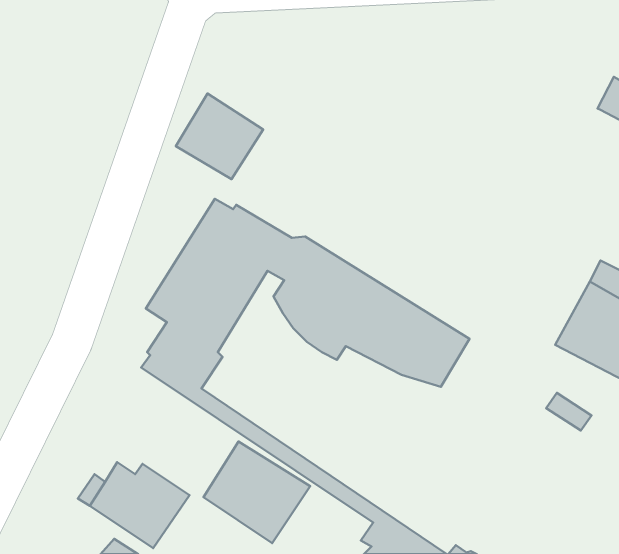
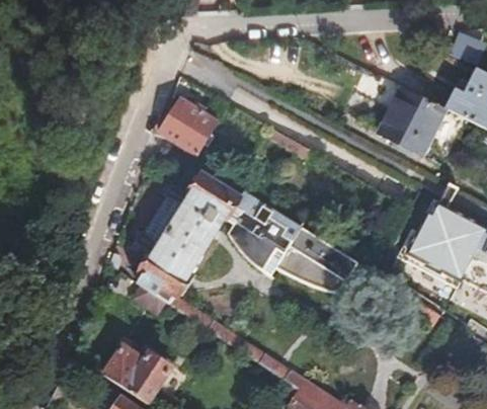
building: none -> [379,86,447,153]
building: [203,441,310,543] -> none

